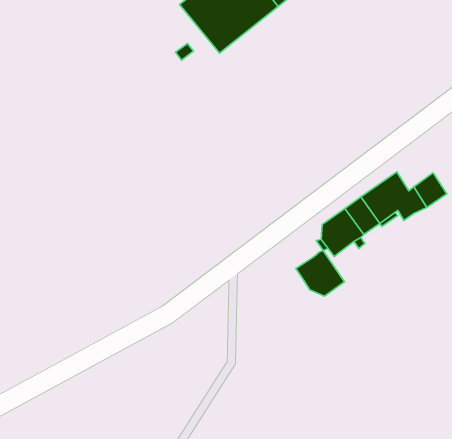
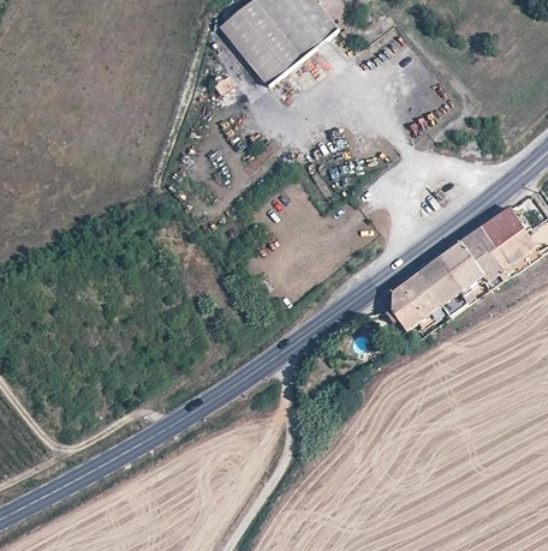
building: none -> [480,206,523,250]
building: [296,250,345,296] -> none

